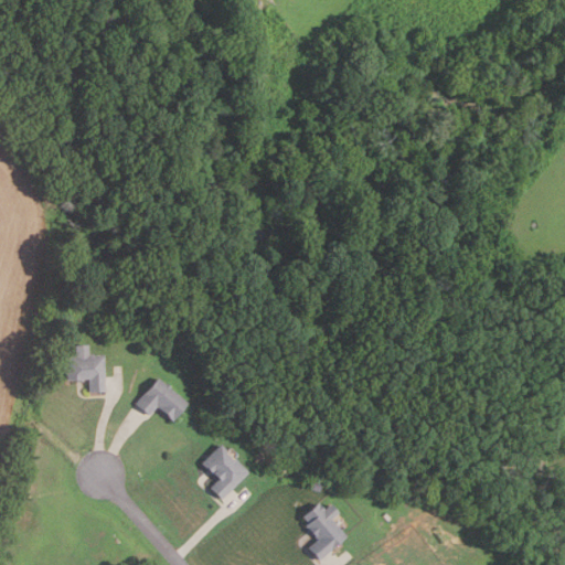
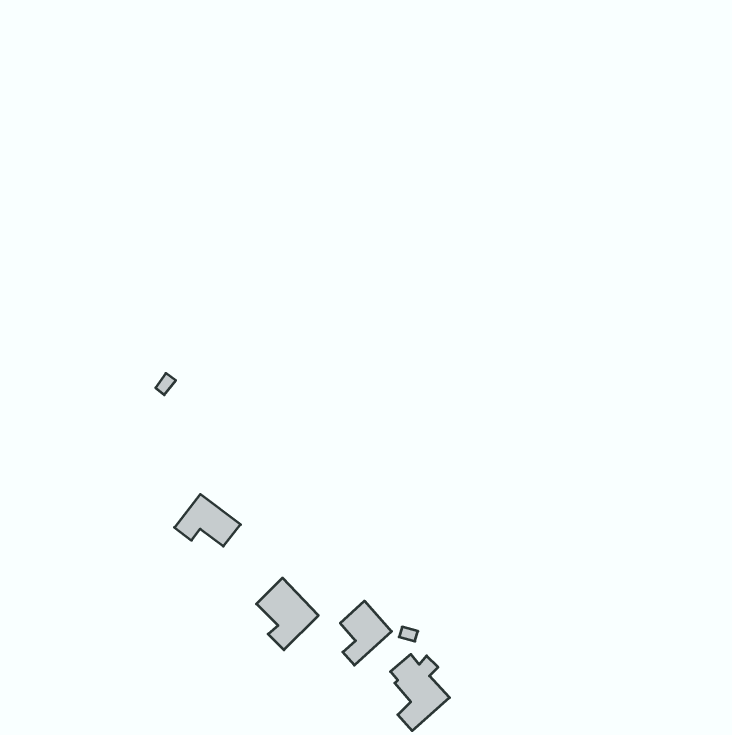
building: [66,345,106,393] -> none
building: none -> [340,601,392,665]

